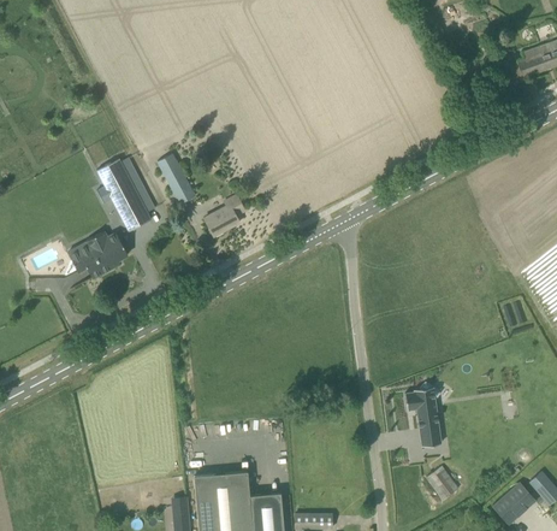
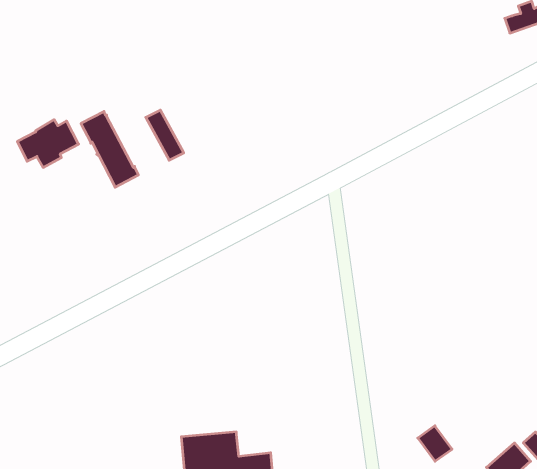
building: [205,195,245,236] -> none
building: [69,230,129,277] -> [17,120,79,167]
building: [405,380,442,446] -> none

